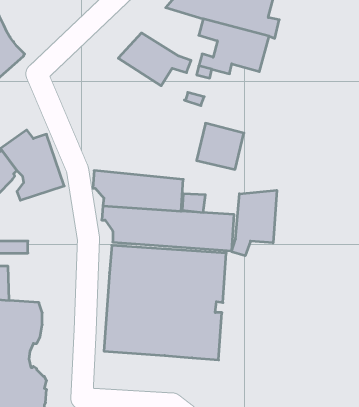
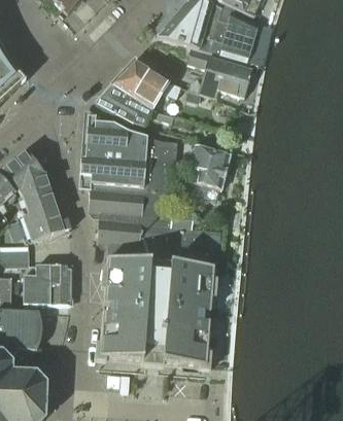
building: none -> [95,83,172,125]
building: none -> [78,114,175,197]
building: none -> [16,203,69,243]
building: [232,190,277,256] -> none
building: none -> [22,264,69,305]

